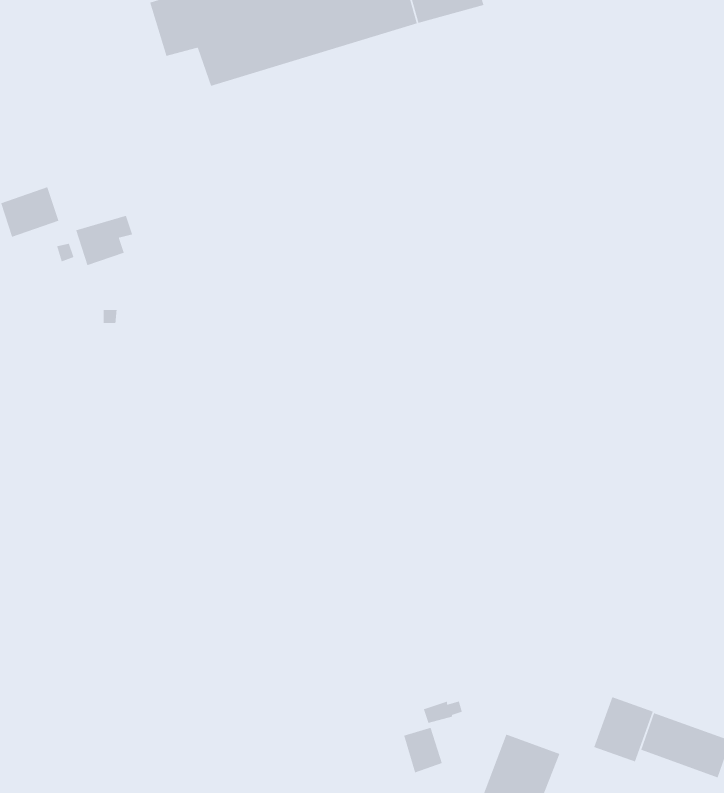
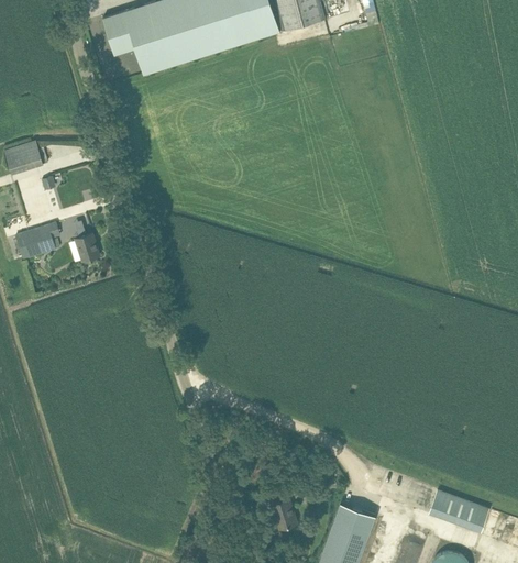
building: [75,215,133,266] -> [22,222,60,256]
building: none -> [74,233,99,261]
building: [593,696,654,762] -> none

